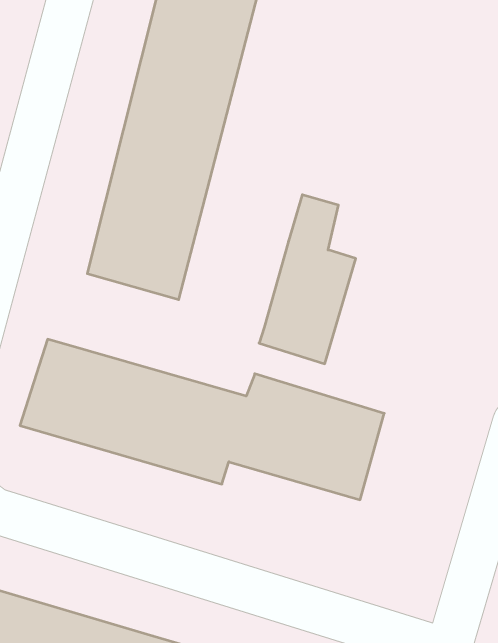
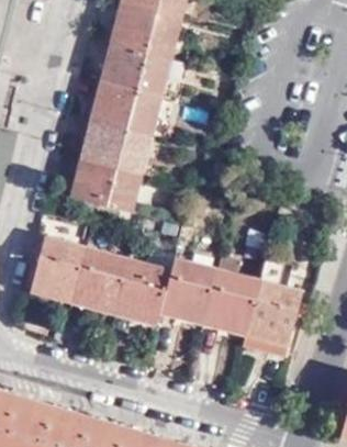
building: [259,195,356,364] -> [243,254,304,361]

